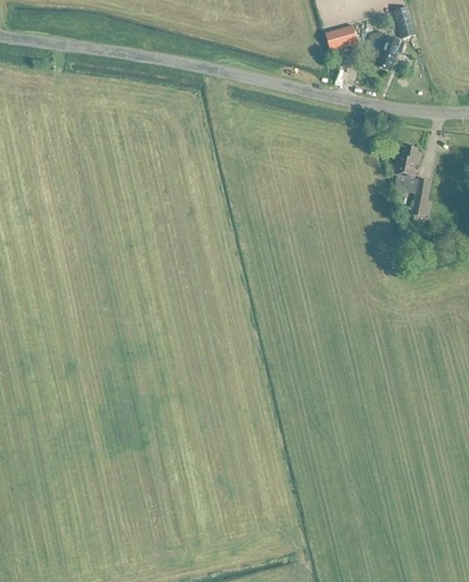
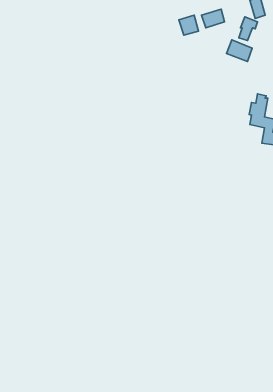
building: none -> [179,15,199,35]
building: none -> [226,40,252,62]

